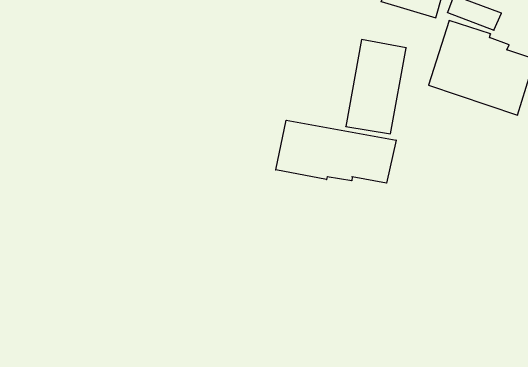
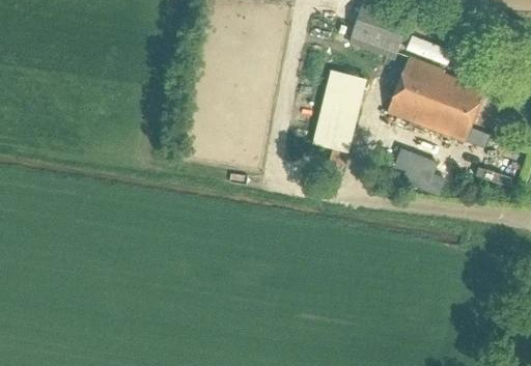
building: [276,120,396,183] -> none
building: none -> [393,149,444,196]

